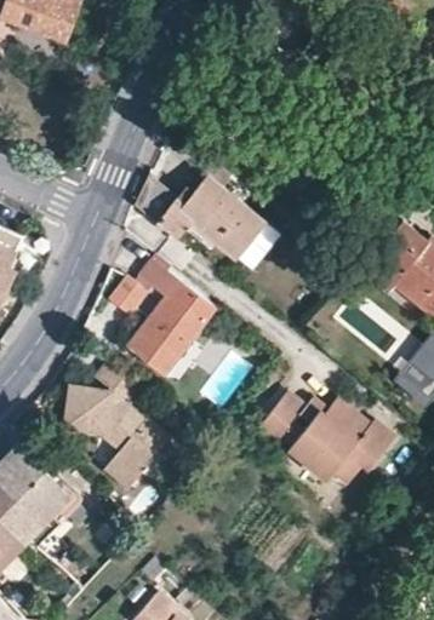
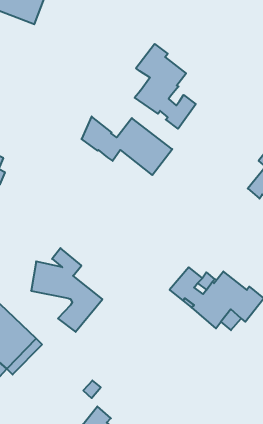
building: none -> [135,44,196,129]
building: [108,256,216,374] -> none

